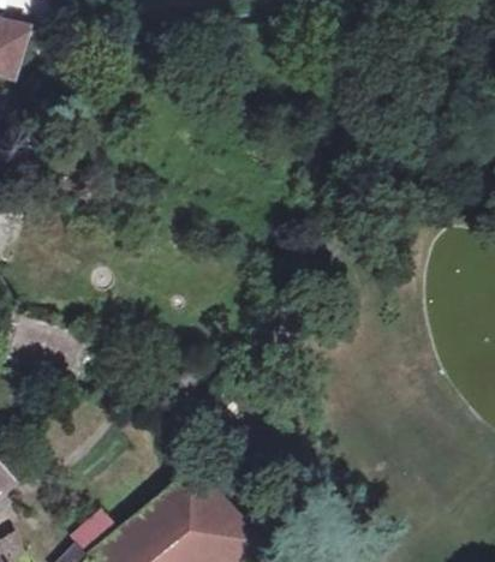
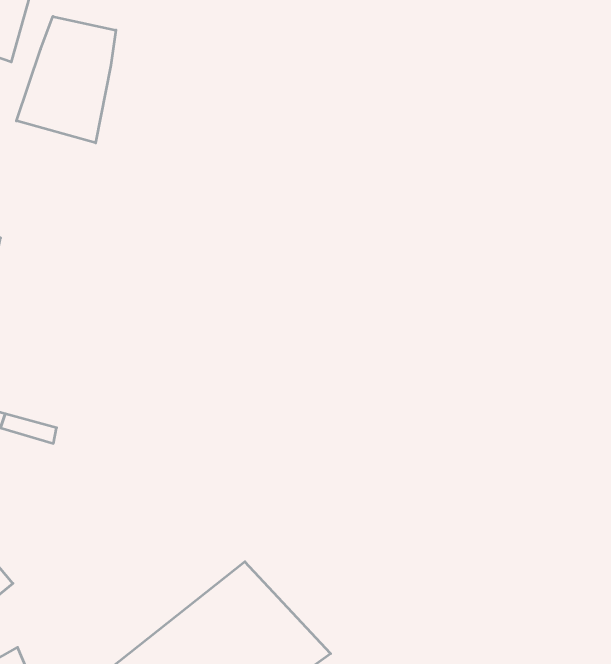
building: none -> [16,16,116,143]

